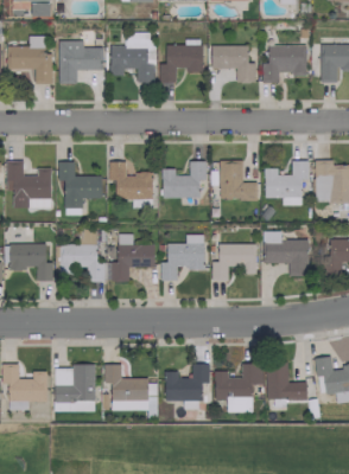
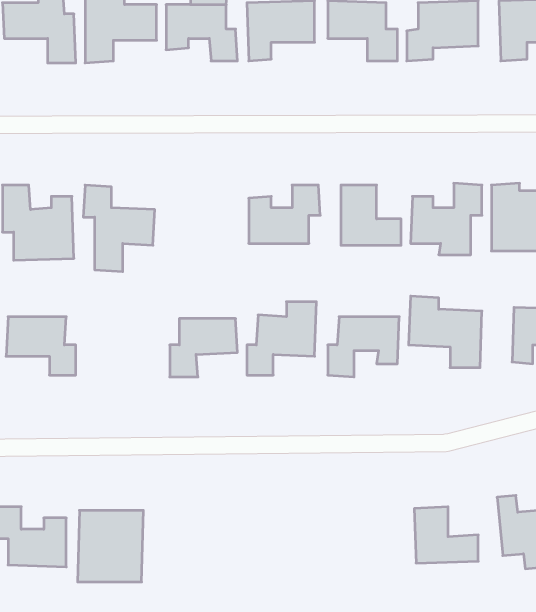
building: [110,161,153,205] -> none
building: [61,231,112,281] -> none
building: [104,364,158,410] -> none
building: [165,364,210,402] -> none
building: [215,364,264,412] -> none

